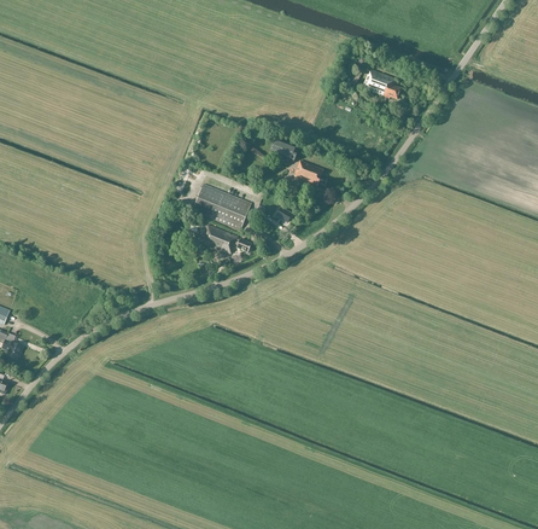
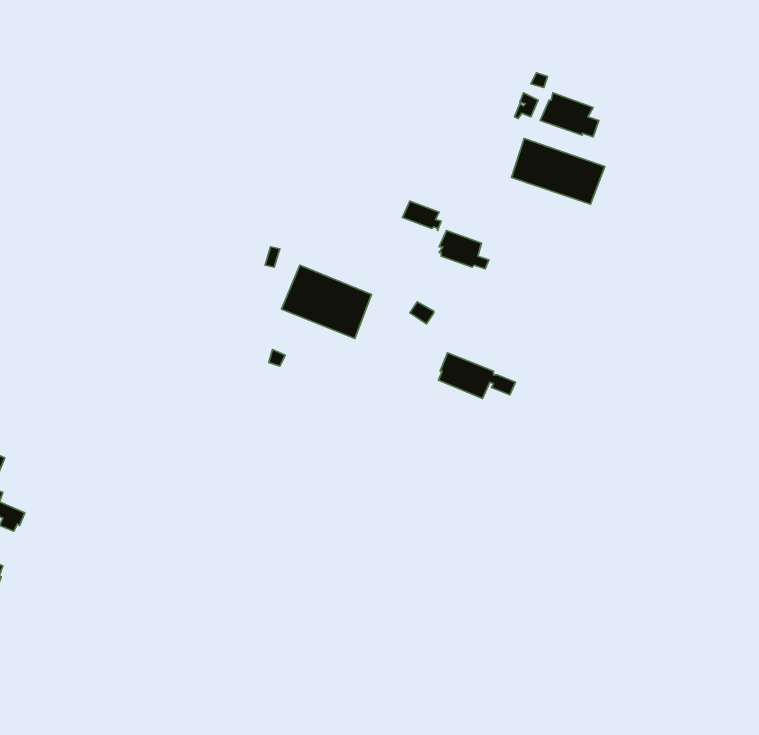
building: none -> [511,139,605,204]
building: [201,225,252,255] -> [438,353,515,398]

